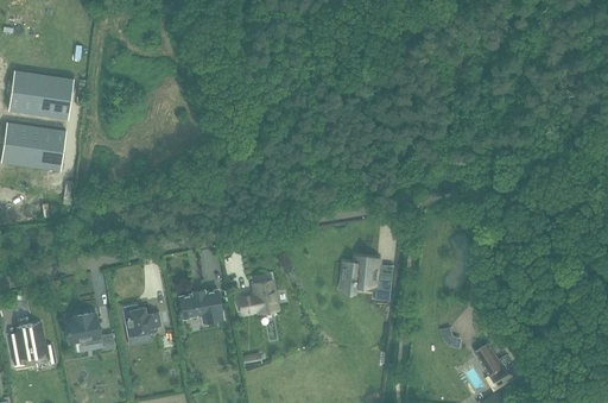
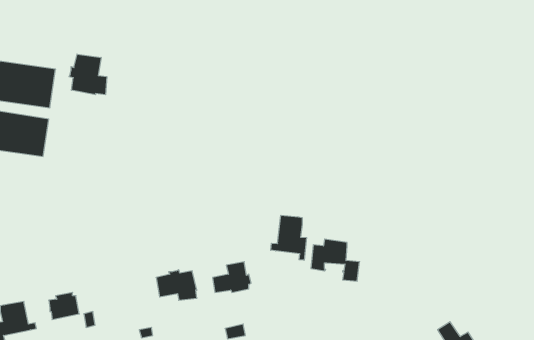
building: none -> [69,54,107,95]
building: none -> [271,215,307,260]
building: [121,304,160,336] -> none

